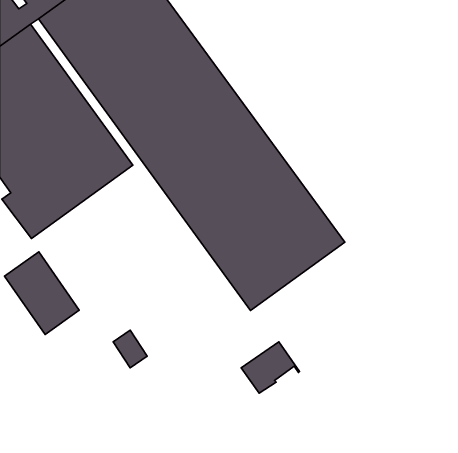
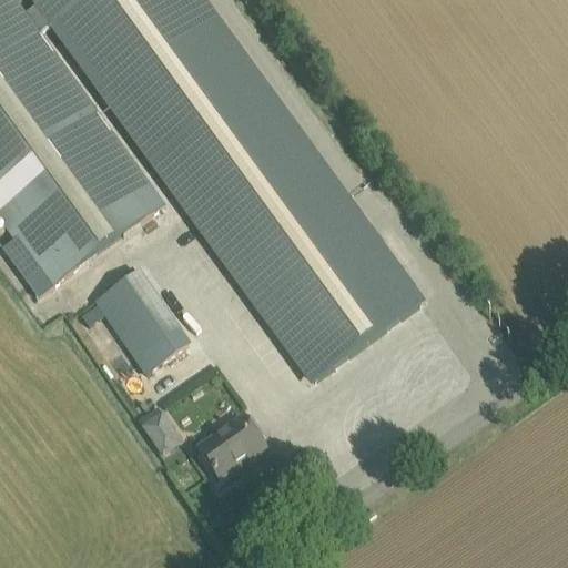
building: [5,252,79,335] -> [95,270,187,372]
building: [241,342,300,393] -> [196,414,268,477]

